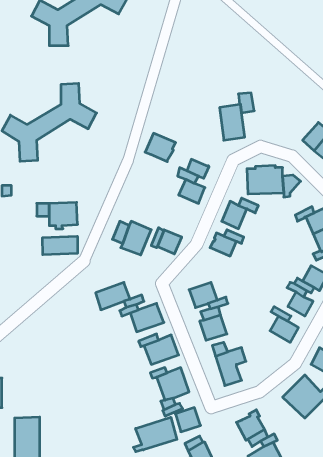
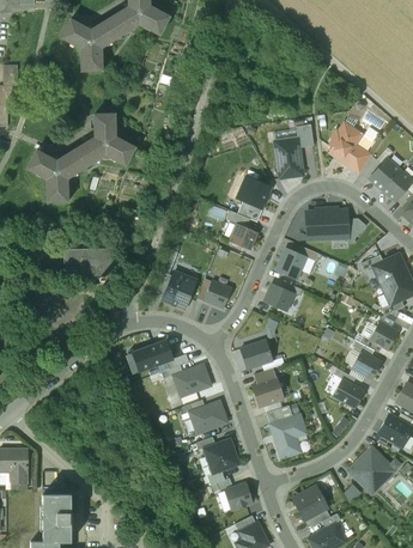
building: none -> [328,122,372,172]
building: [145,133,176,162] -> [236,176,271,208]
building: [43,236,77,255] -> none
building: [133,417,177,452] -> none

